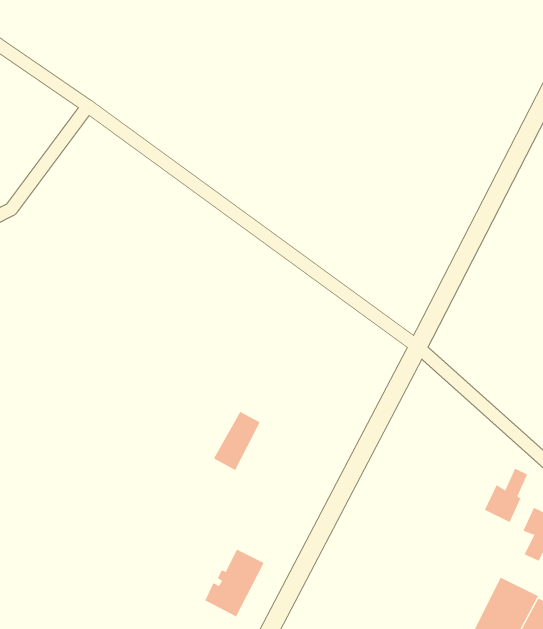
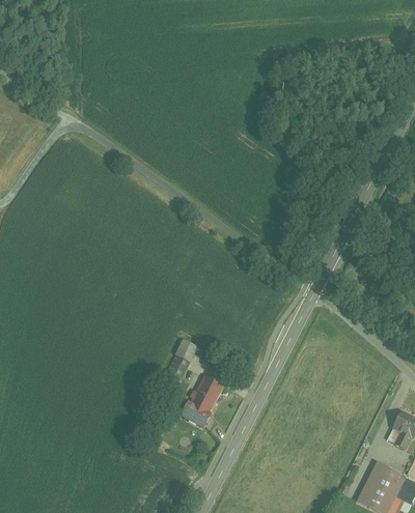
building: [484,468,528,523] -> none
building: [204,549,264,617] -> [178,375,223,426]

